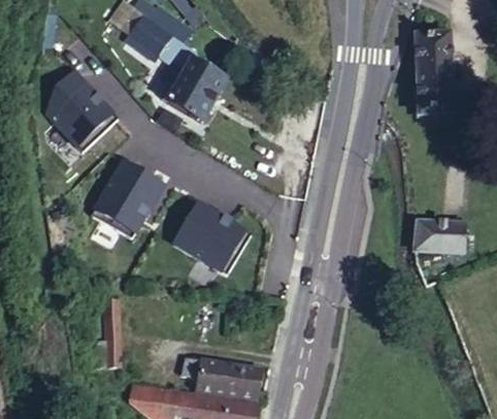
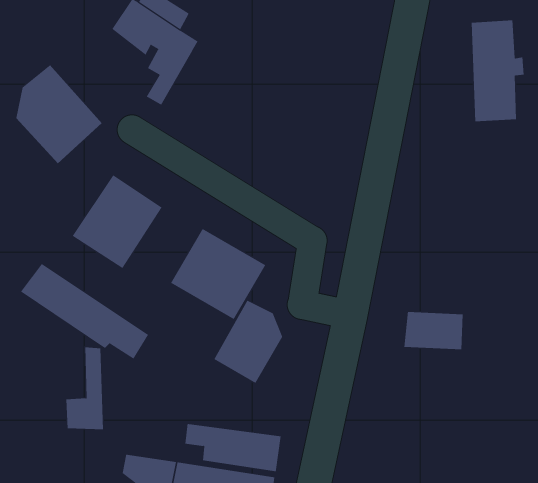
building: [165,58,226,123] -> none
building: [415,220,463,251] -> [403,311,464,350]
building: none -> [20,263,149,359]
building: none -> [213,300,283,384]

